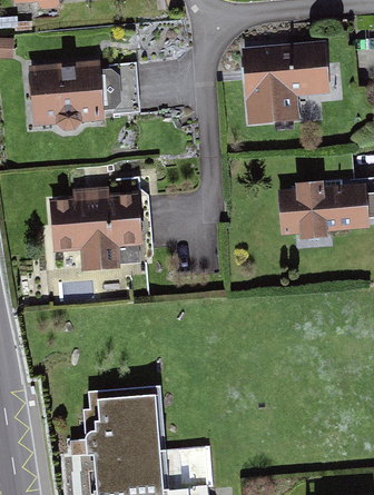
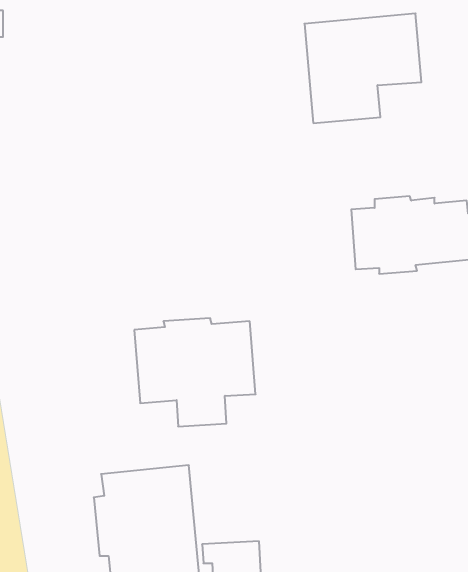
building: [29,61,122,130] -> none
building: [50,188,142,270] -> [134,318,256,426]

